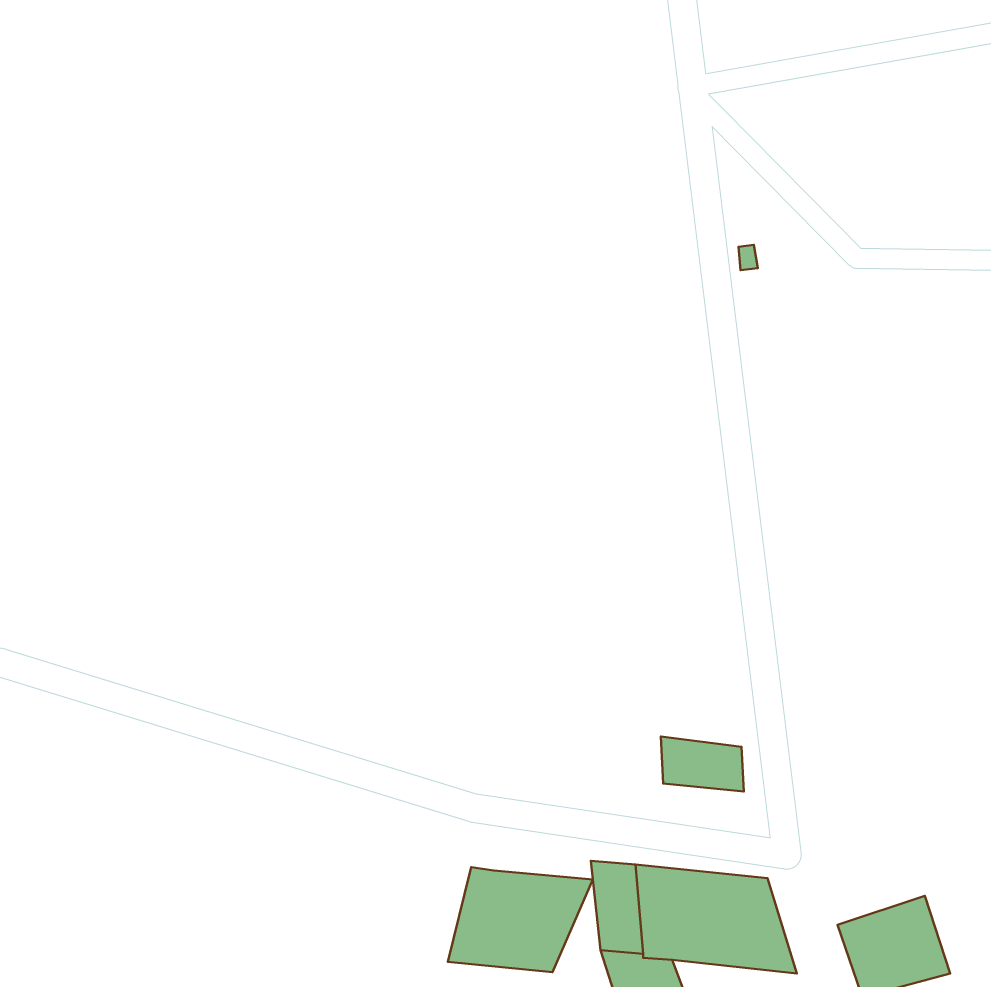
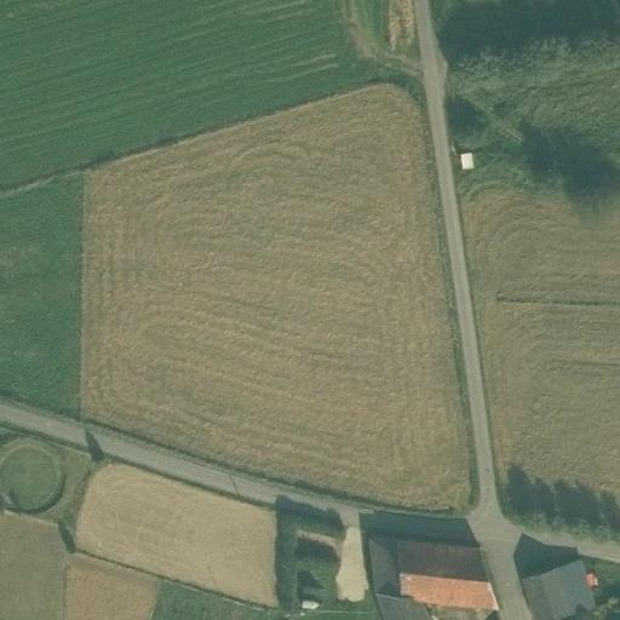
building: [661,736,744,792] -> none
building: [448,867,593,972] -> none

